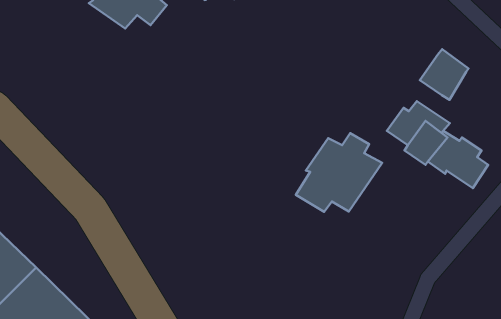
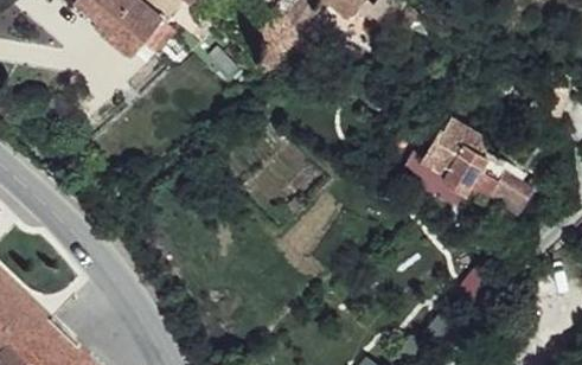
building: [420,49,469,100] -> none
building: [296,133,382,212] -> none

